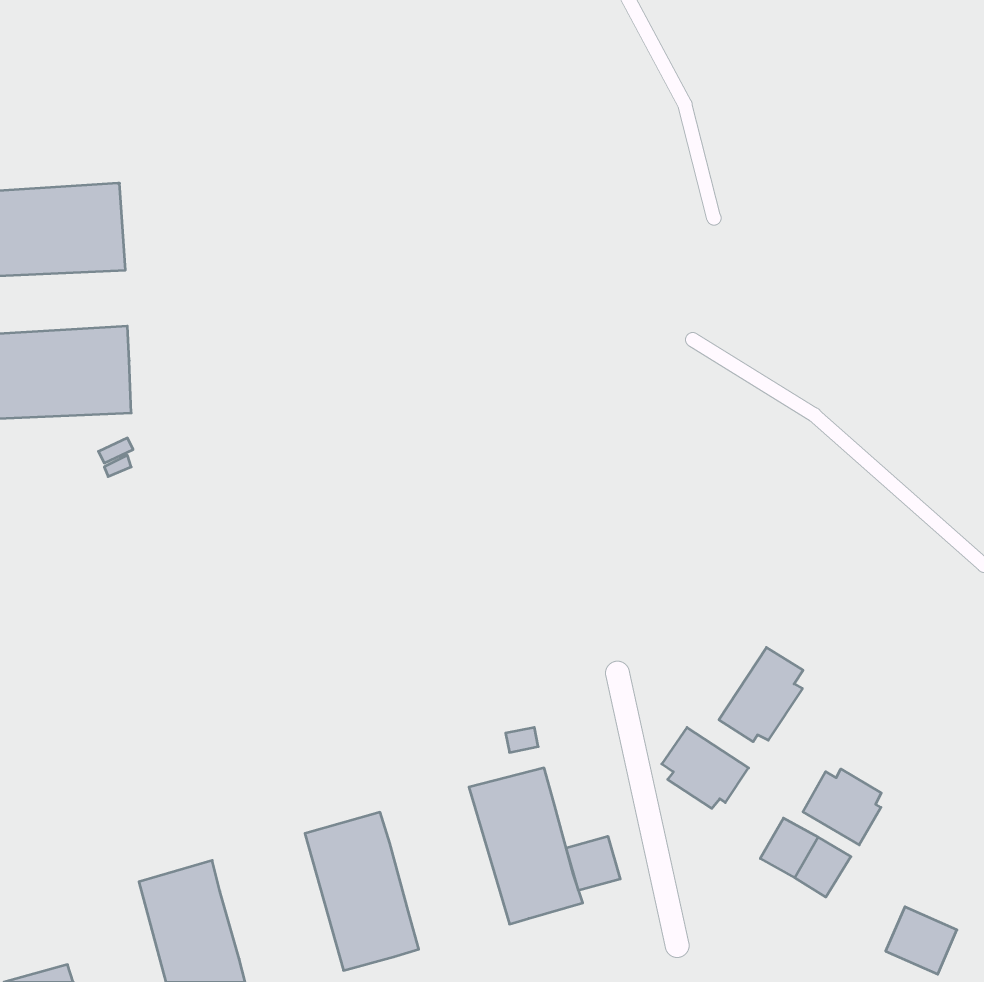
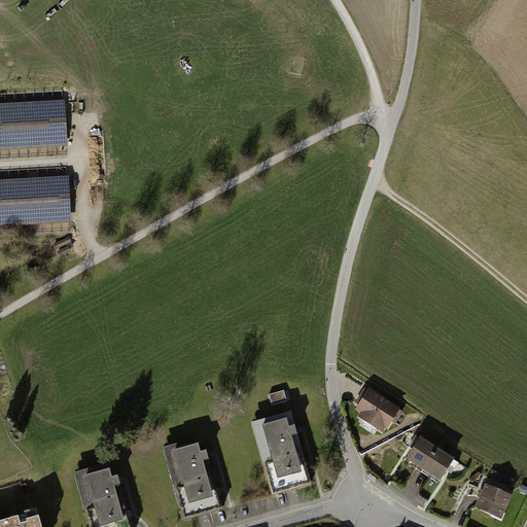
building: [719,647,803,742] -> none
building: [803,769,881,845] -> none
building: [566,836,620,891] -> none

